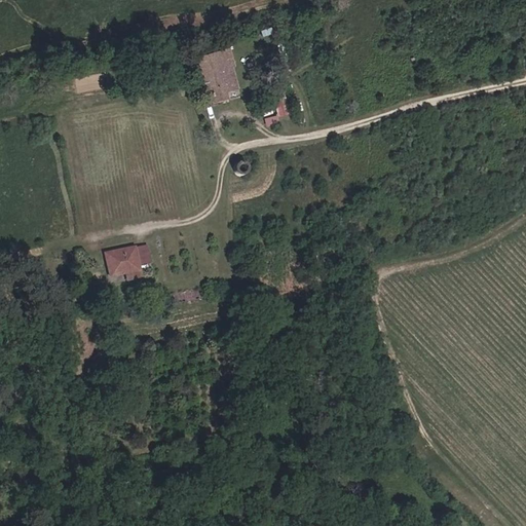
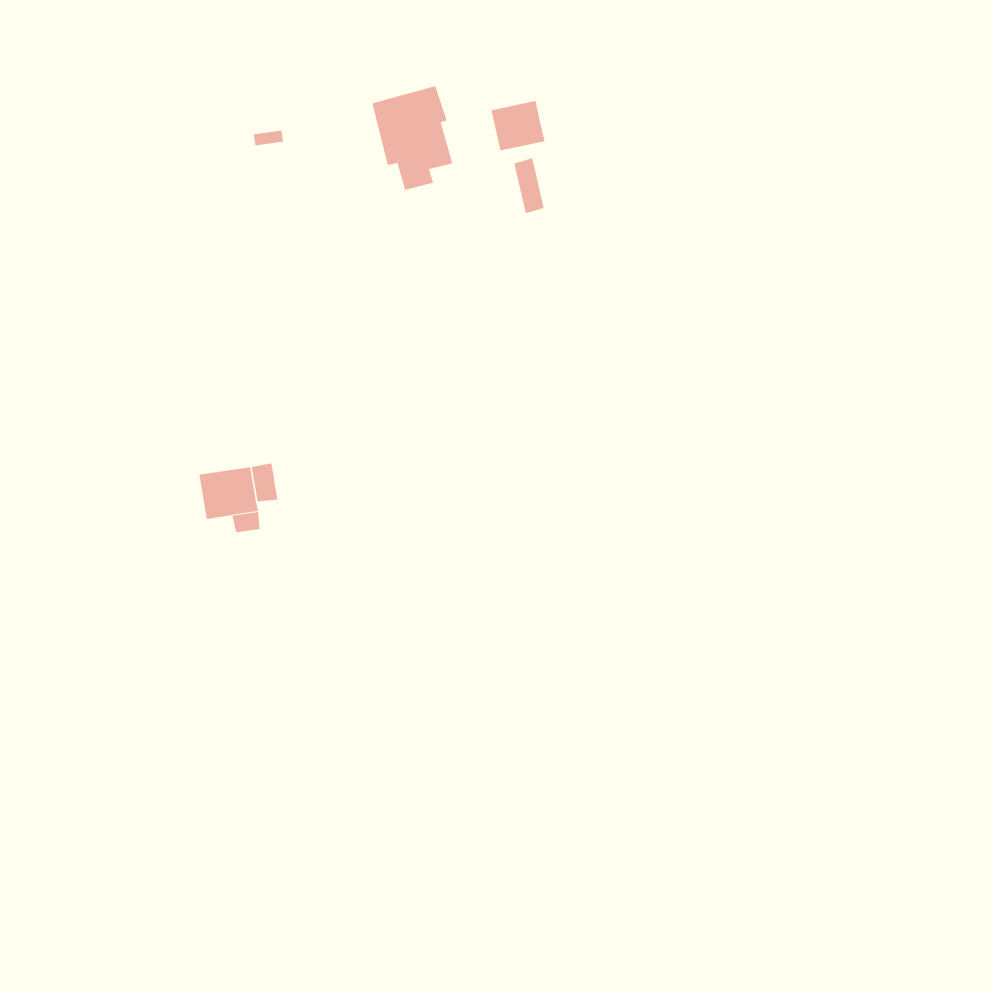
building: none -> [491,100,545,151]

